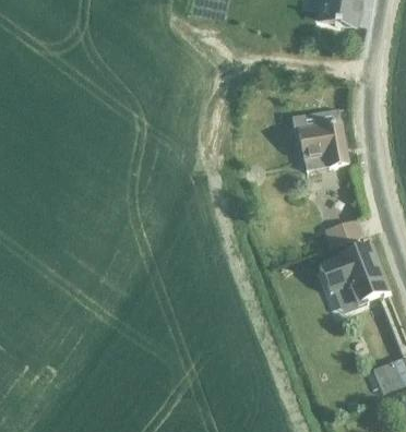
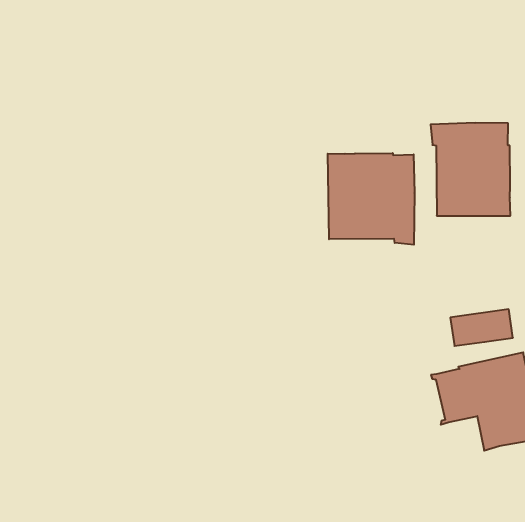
building: none -> [328,153,414,245]

